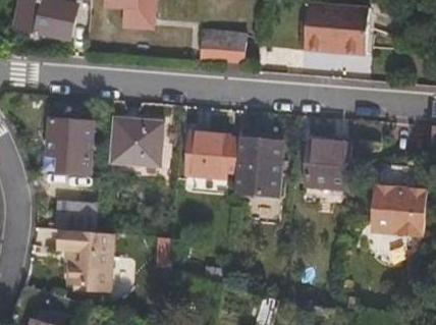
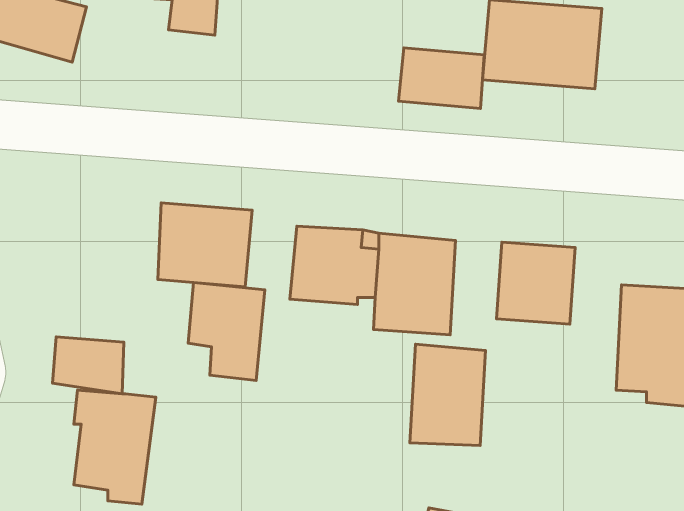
building: [195,35,243,69] -> [398,48,484,108]
building: [51,113,95,169] -> [188,283,265,381]
building: none -> [410,344,485,446]

